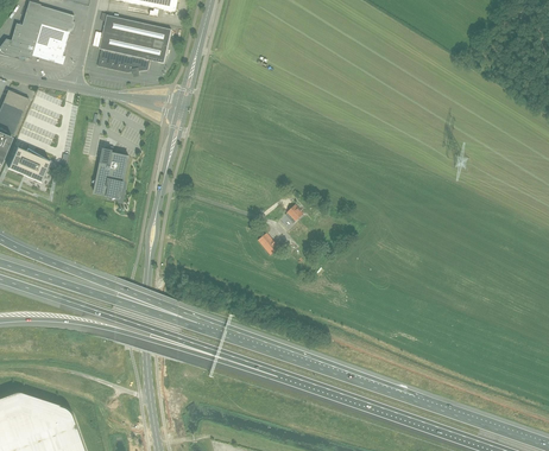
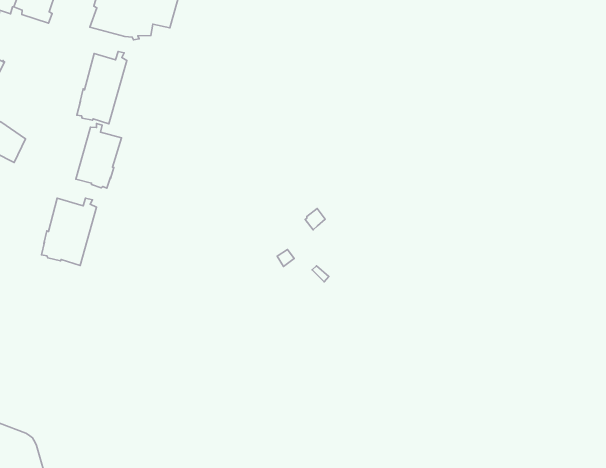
building: none -> [77,51,127,124]
building: none -> [41,198,97,265]

